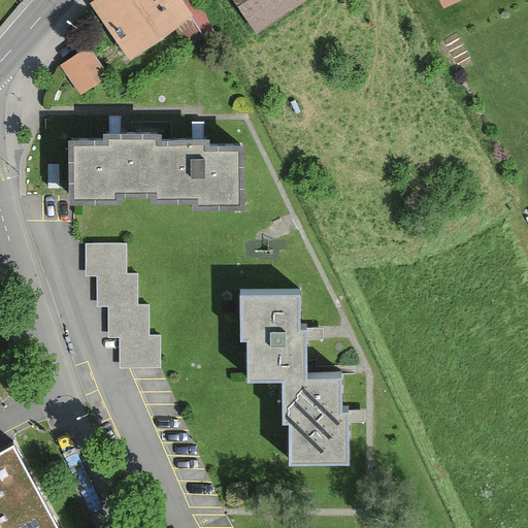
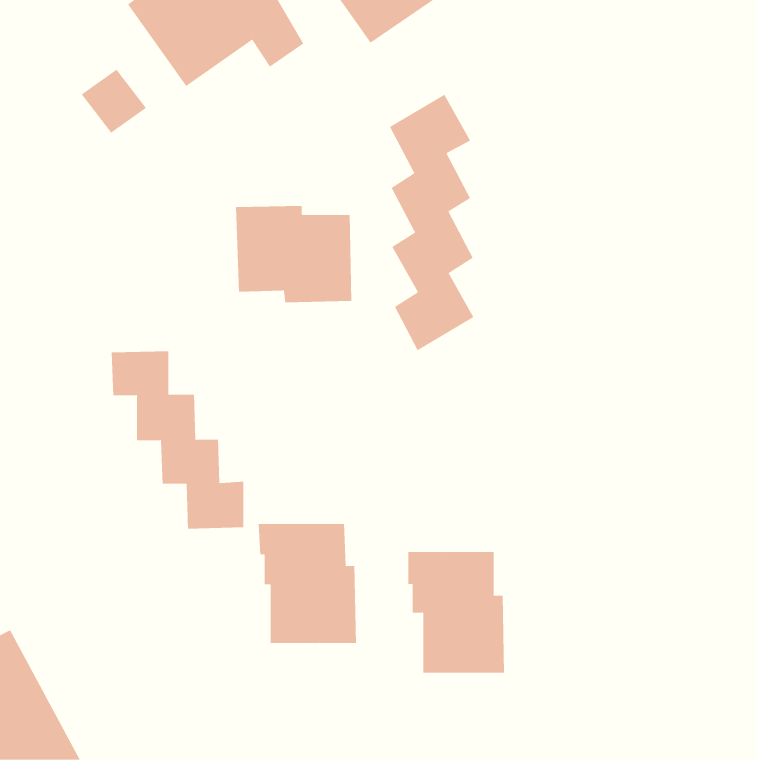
building: none -> [389,94,474,351]
building: [68,132,164,205] -> none
building: [238,297,306,380] -> [258,523,357,643]

